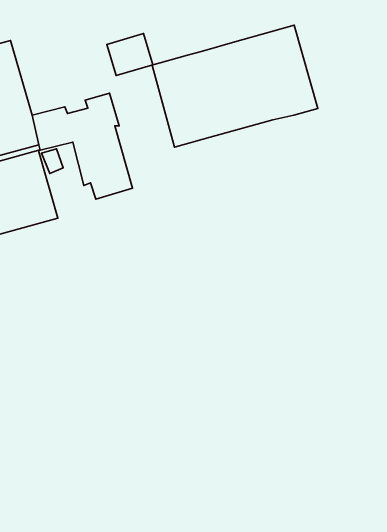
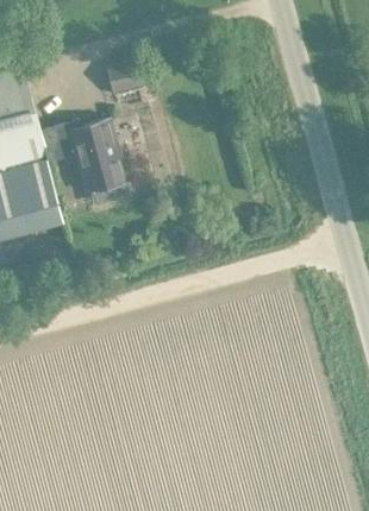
building: [152,25,318,147] -> none

